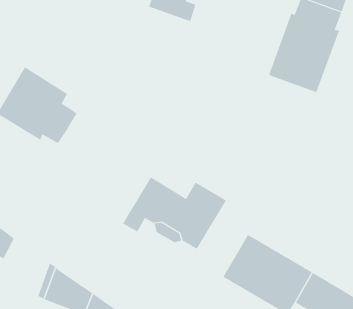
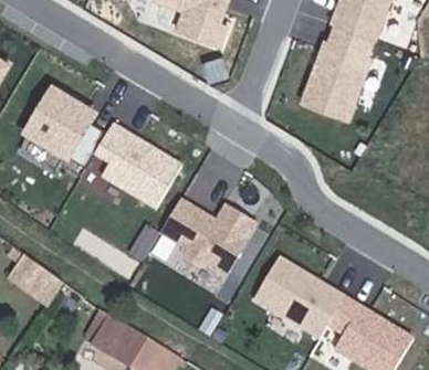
building: none -> [96,128,185,212]

